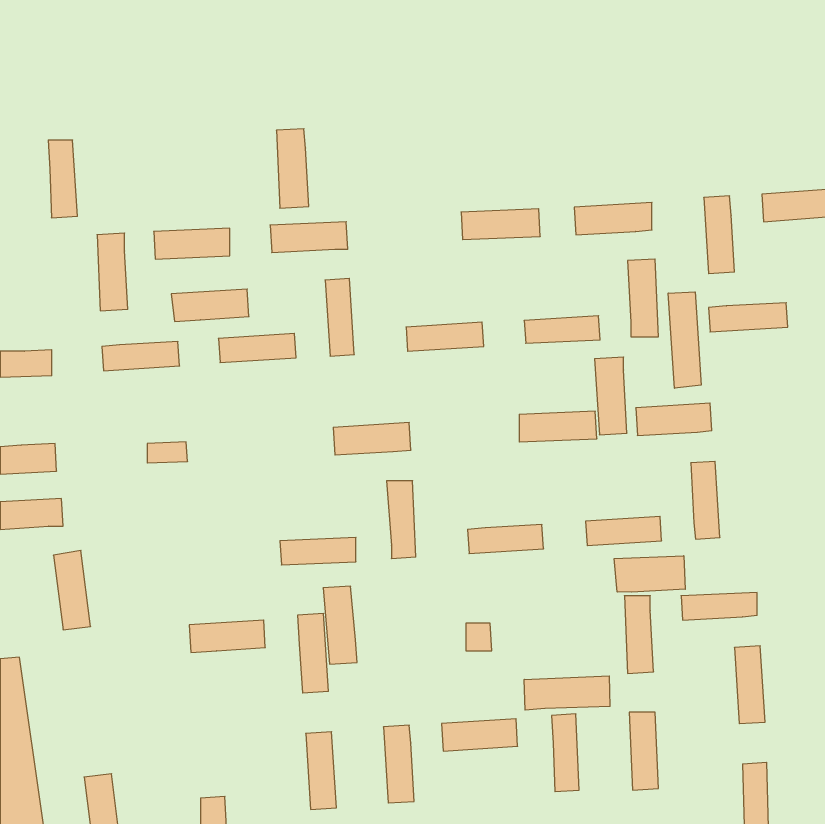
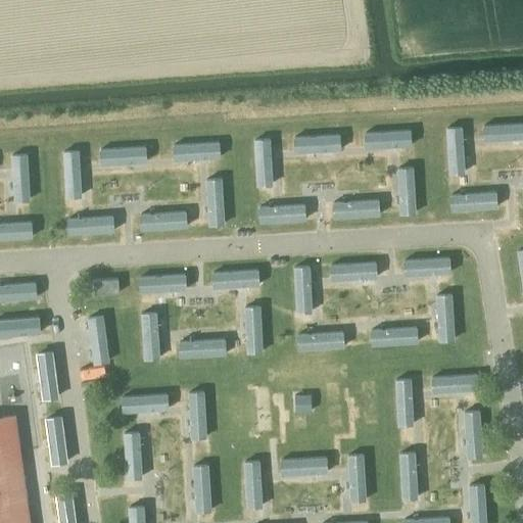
building: [276,129,309,208] -> [253,137,274,187]
building: [48,140,77,218] -> [12,153,31,202]
building: [171,289,249,321] -> [137,274,186,294]
building: [668,292,701,388] -> none
building: [595,357,627,435] -> [292,265,313,314]
building: none -> [87,315,109,365]
building: [614,556,685,592] -> none
building: [323,586,357,664] -> [139,312,160,361]
building: none -> [45,415,68,465]
building: [524,676,610,710] -> none
building: none -> [123,431,142,480]

